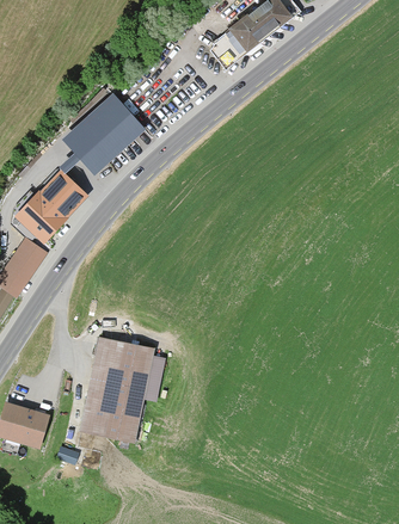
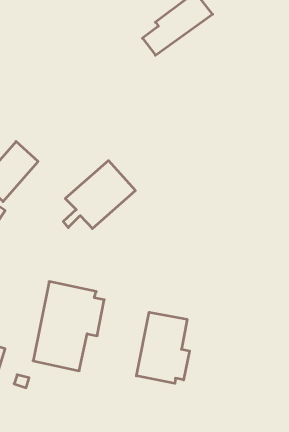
building: [60,92,146,173] -> [63,161,135,229]
building: none -> [136,312,190,383]

